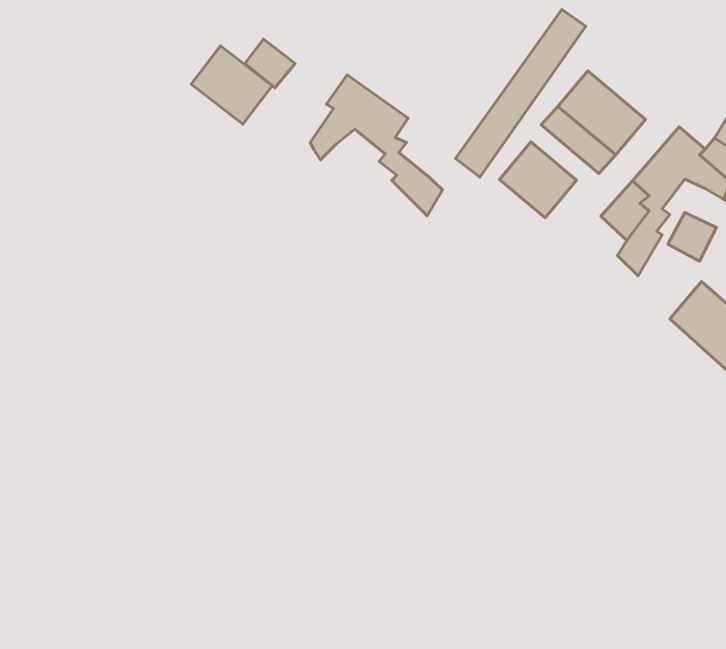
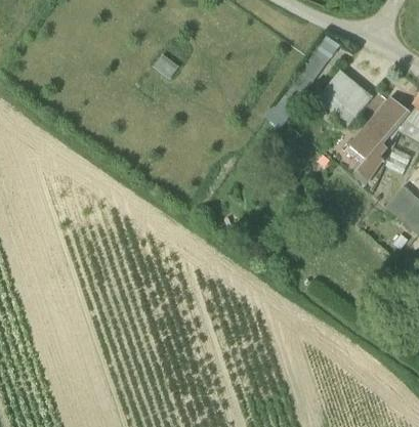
building: [191,46,272,124] -> none
building: [310,75,443,216] -> none
building: [499,142,576,218] -> none

